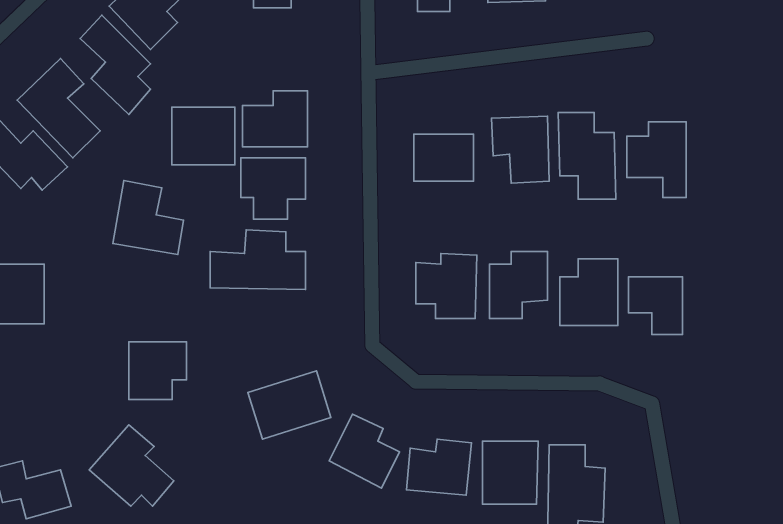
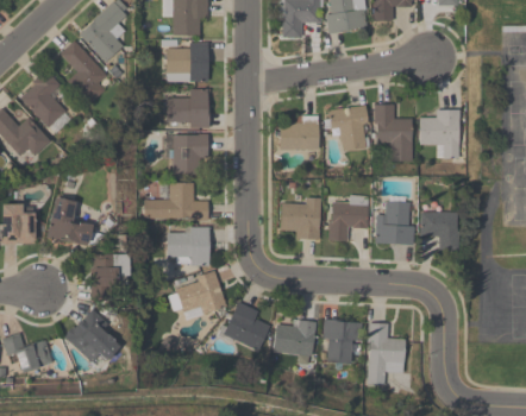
building: [172,107,235,165] -> [167,44,208,82]
building: [113,180,183,254] -> [46,197,93,246]
building: none -> [167,229,209,265]

